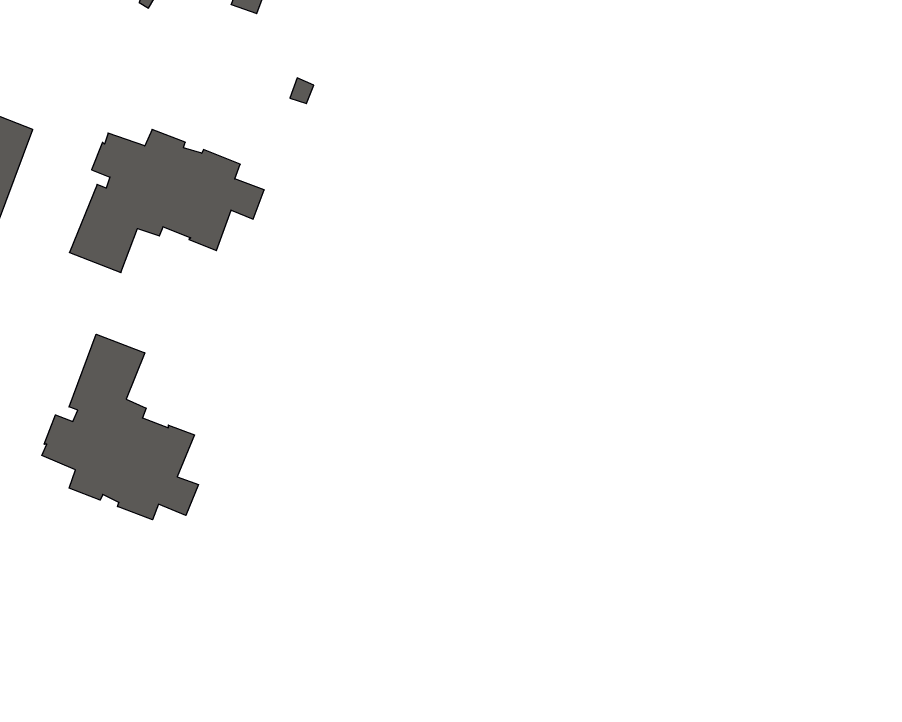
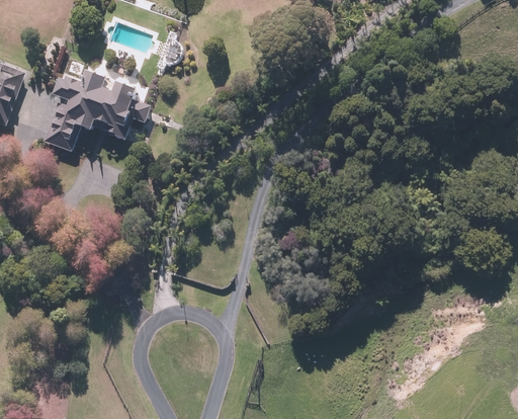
building: [42,334,198,520] -> none

